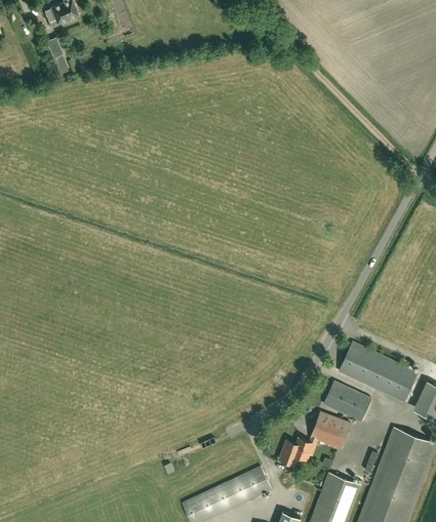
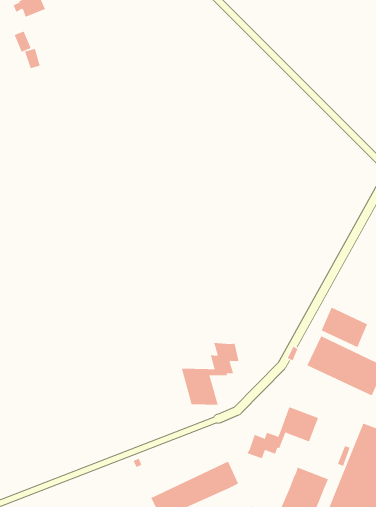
building: none -> [181,342,239,405]
building: [323,380,370,421] -> [321,307,368,348]

